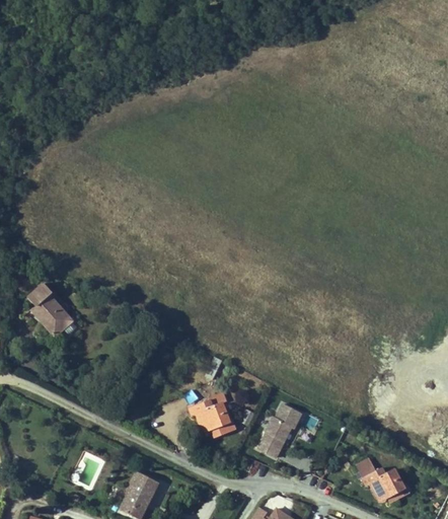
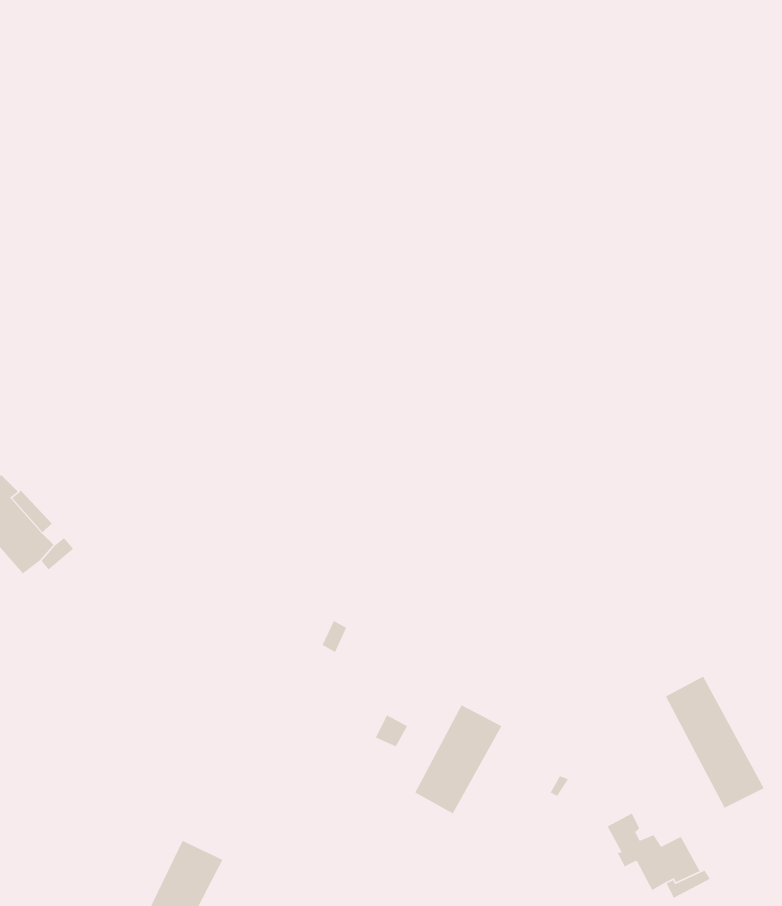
building: none -> [665,675,765,809]
building: [189,399,234,436] -> none

